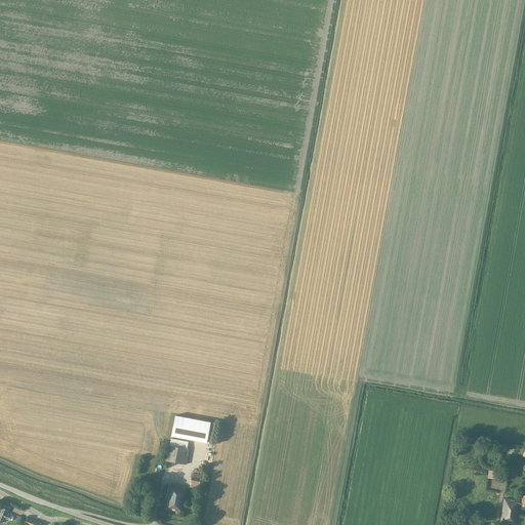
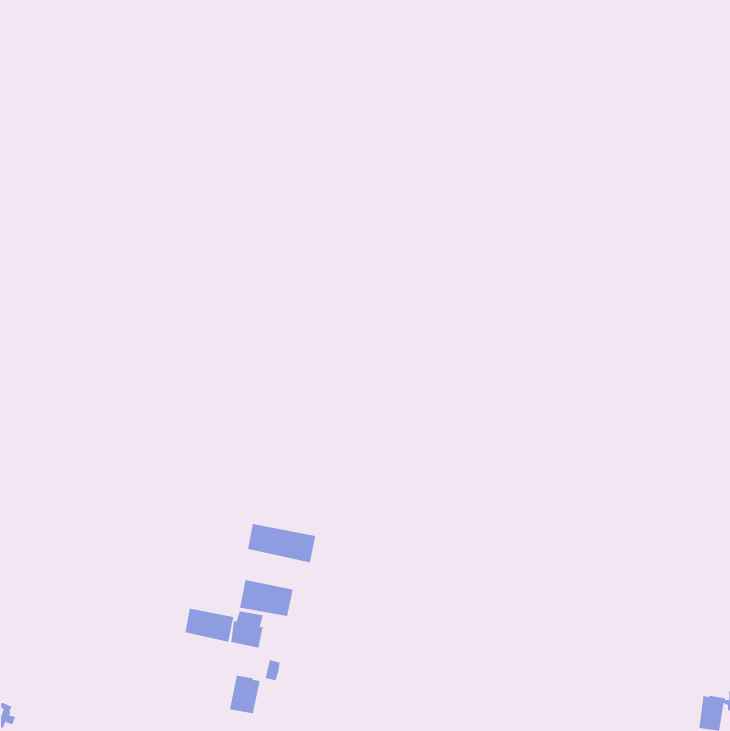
building: none -> [248,523,316,563]
building: none -> [185,608,234,643]

